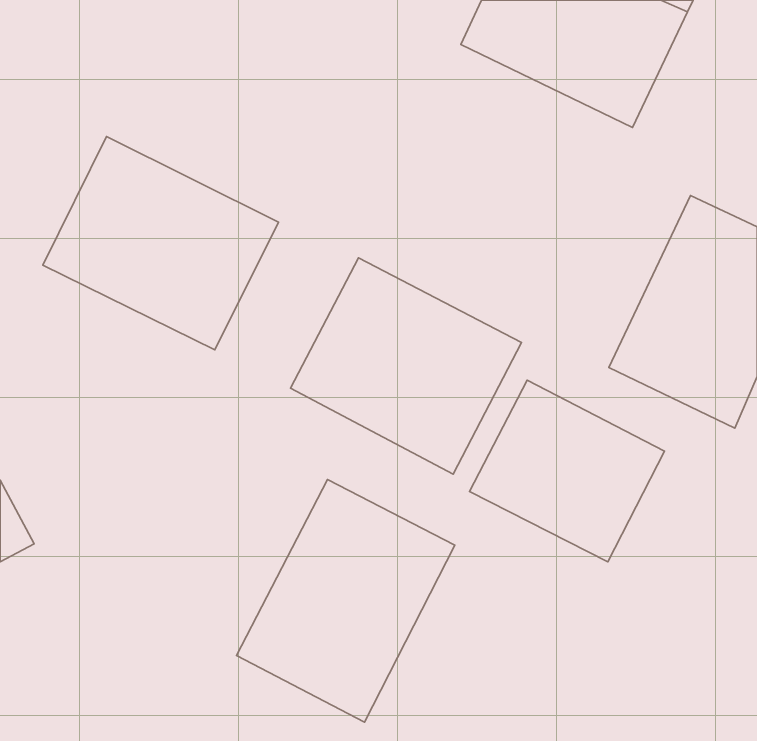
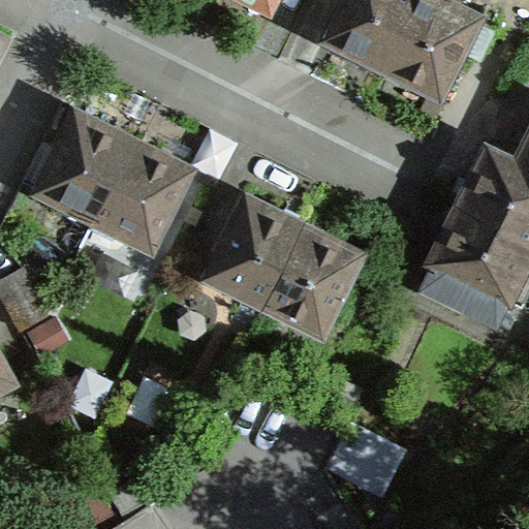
building: [469,380,665,562] -> none
building: [236,480,455,722] -> none

